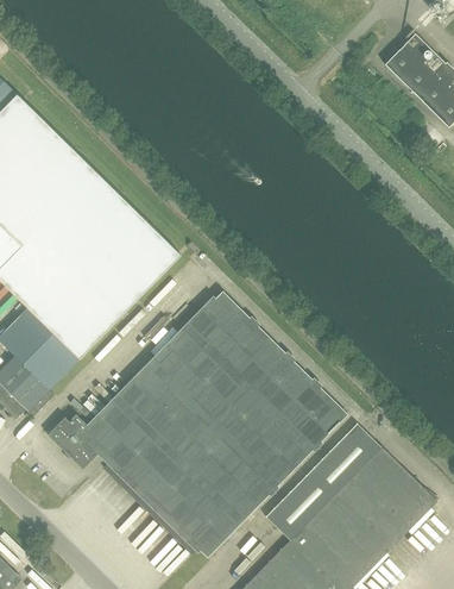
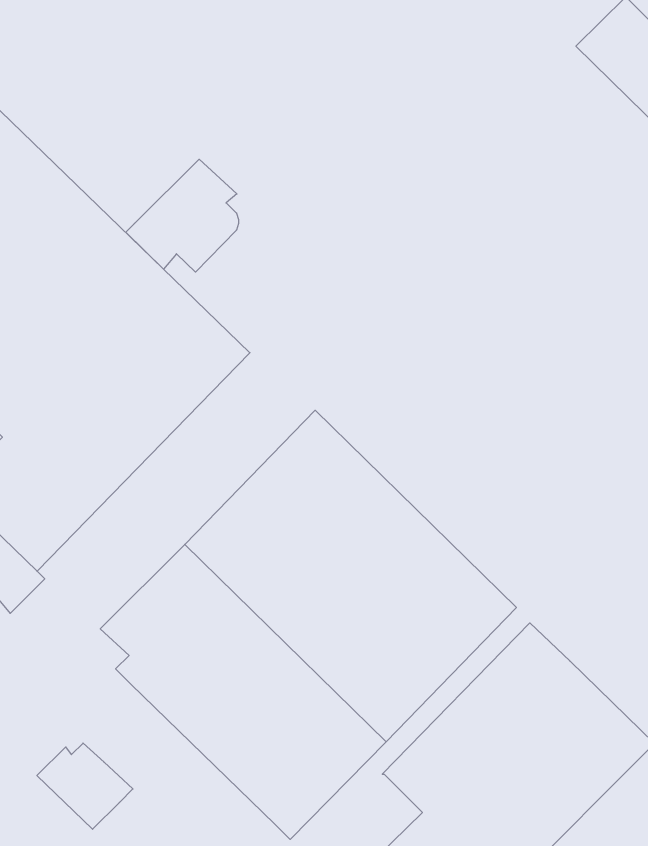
building: none -> [126,159,239,272]
building: [48,414,107,468] -> [37,743,133,829]

